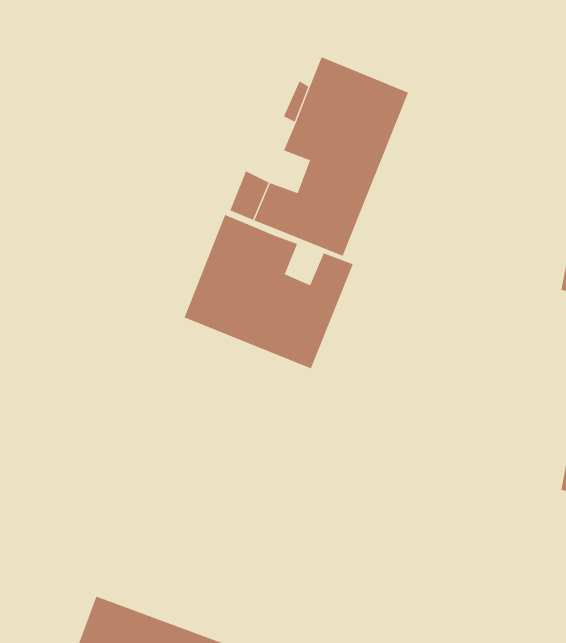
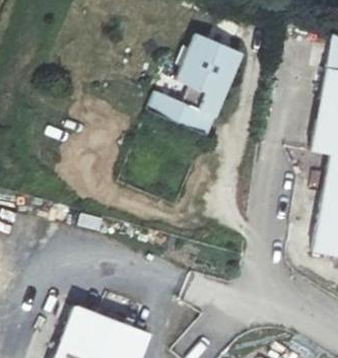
building: [184,214,354,369] -> none

